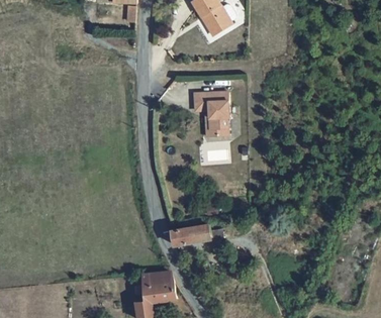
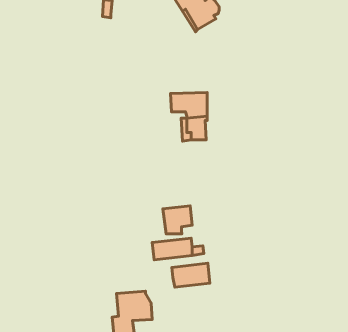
building: none -> [163,206,192,234]
building: none -> [172,263,210,287]

